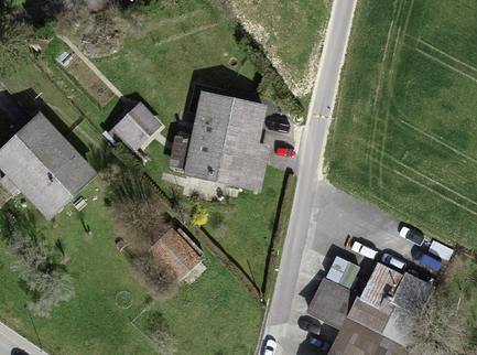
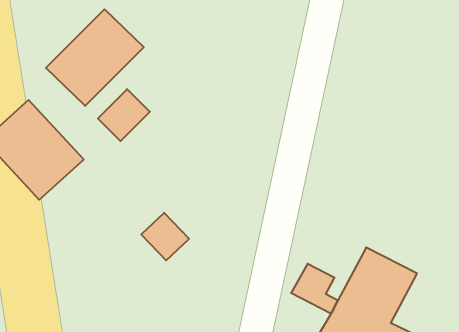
building: none -> [46,9,144,106]
building: [185,94,277,187] -> none

